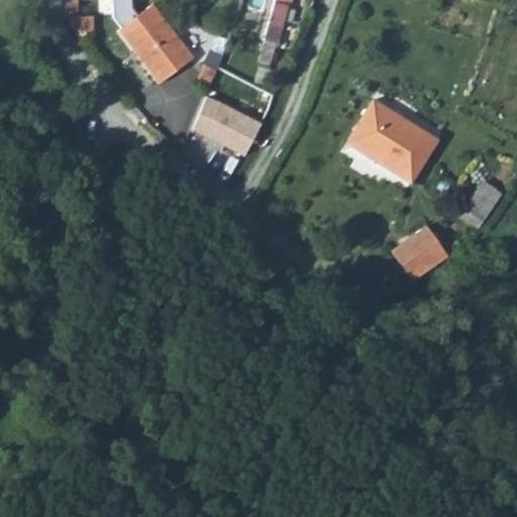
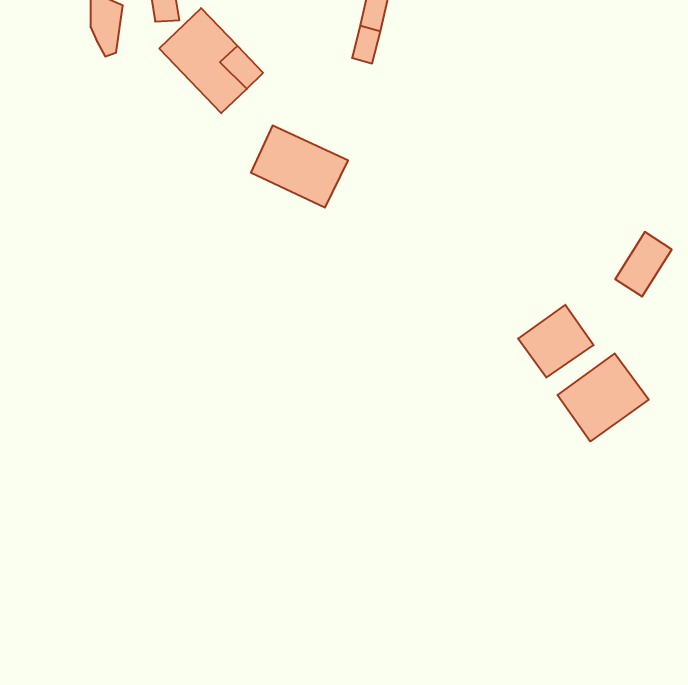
building: [346,98,439,182] -> none
building: none -> [557,353,649,441]

